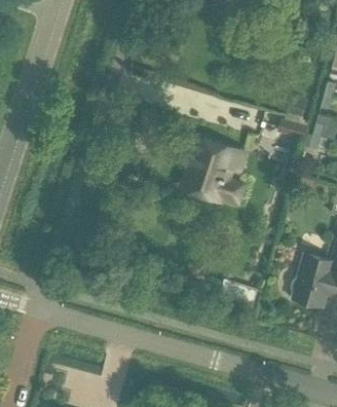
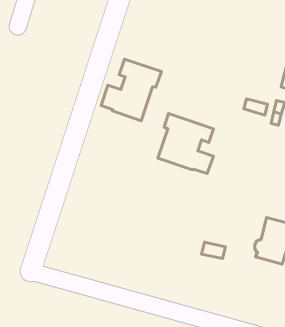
building: none -> [101,59,161,121]

